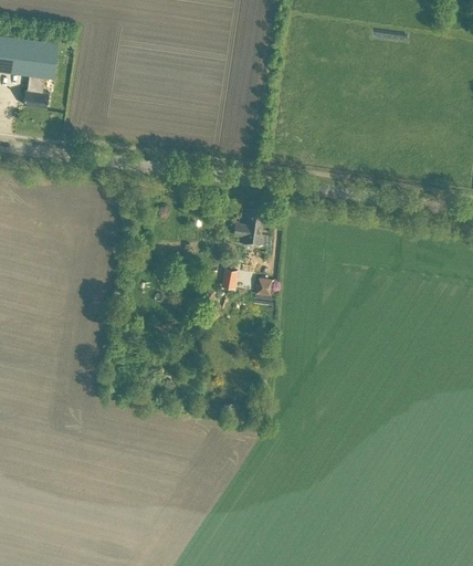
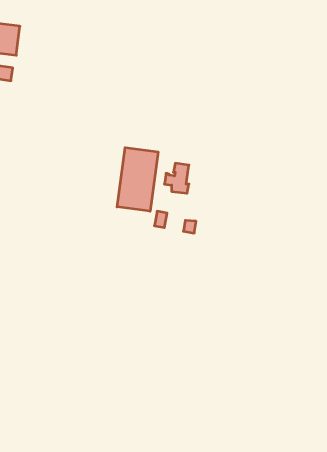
building: none -> [117,148,158,211]

